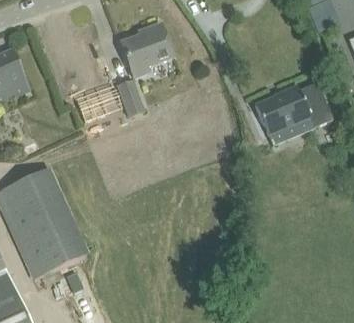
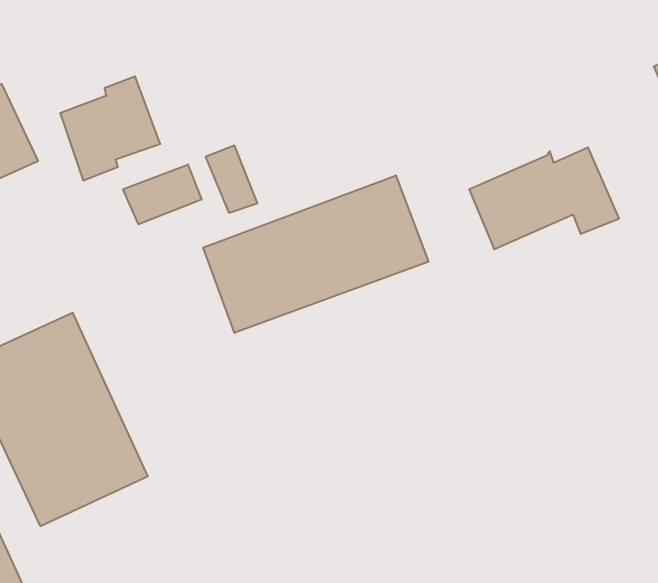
building: [121,23,173,77] -> [60,77,160,180]
building: none -> [203,175,428,333]

